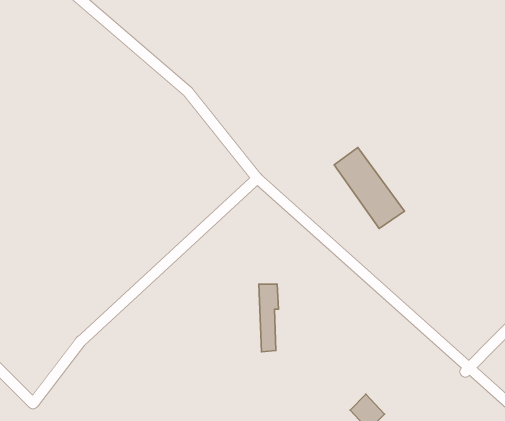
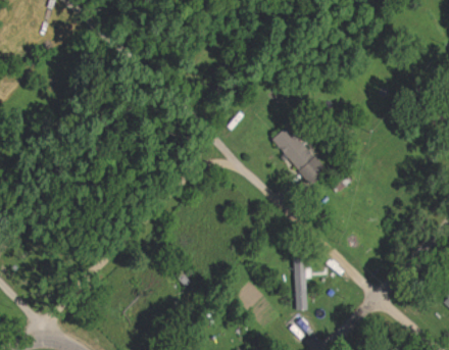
building: [259,284,279,352] -> [294,258,309,310]

